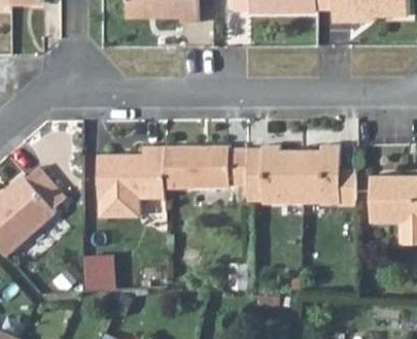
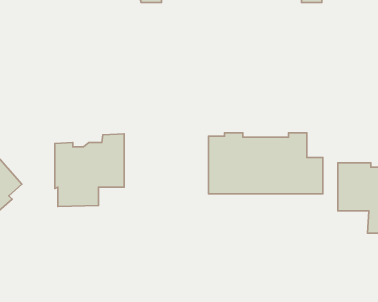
building: [162,147,243,189] -> none
building: [85,251,116,285] -> none

